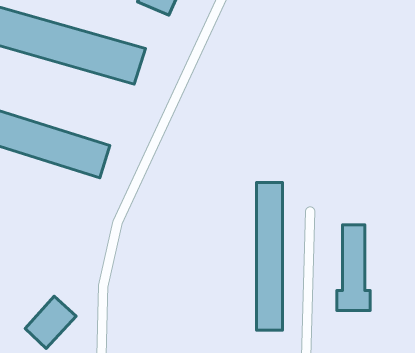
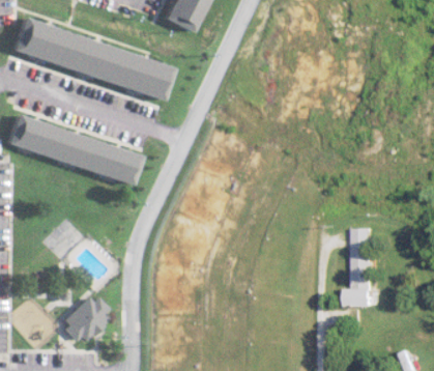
building: [257,183,283,330] -> none

